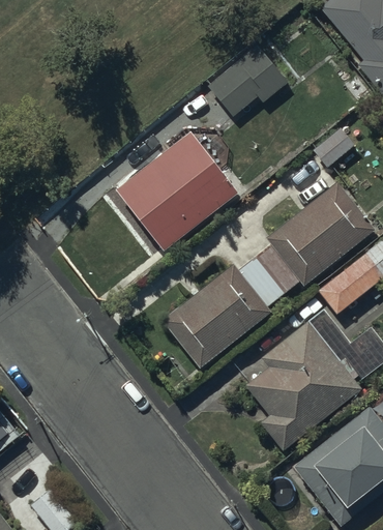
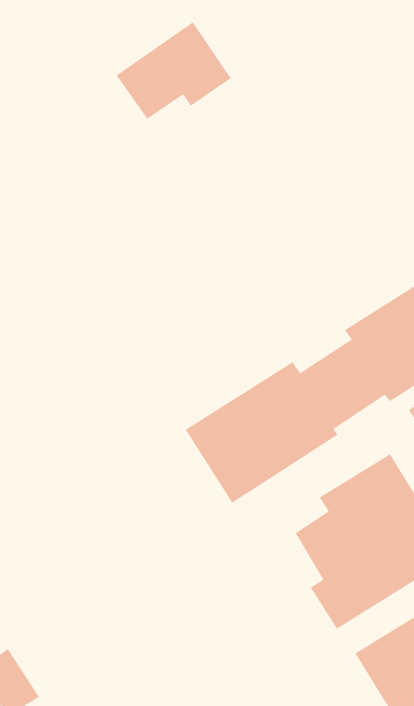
building: [208,43,290,116] -> [116,22,231,120]
building: [115,132,237,252] -> none

